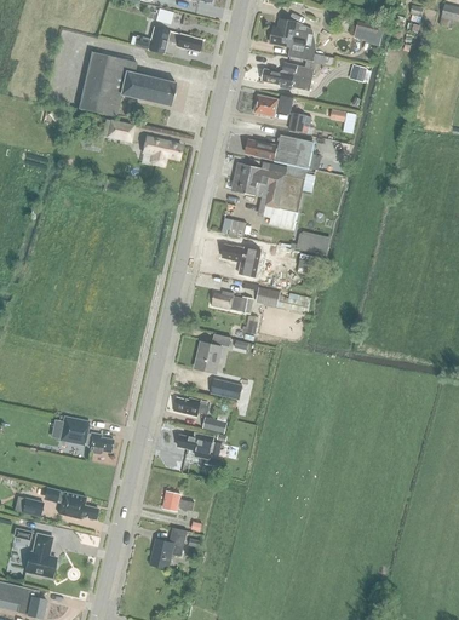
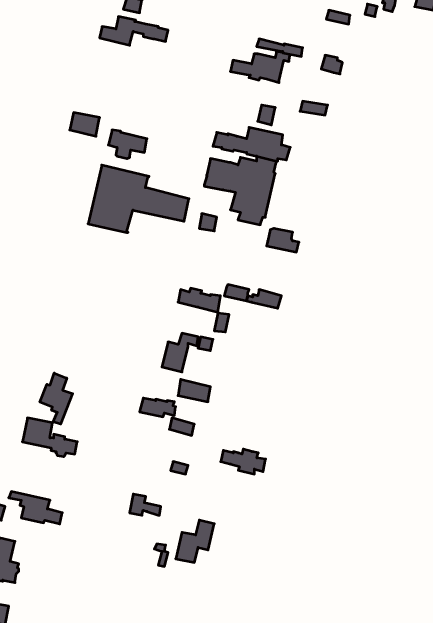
building: [268,18,305,46] -> none
building: [76,51,174,116] -> [88,165,189,232]
building: [253,94,292,115] -> none
building: [220,245,259,277] -> none
building: none -> [40,373,73,424]
building: [176,434,219,458] -> [221,449,266,474]
building: [148,527,185,568] -> [176,520,214,562]

